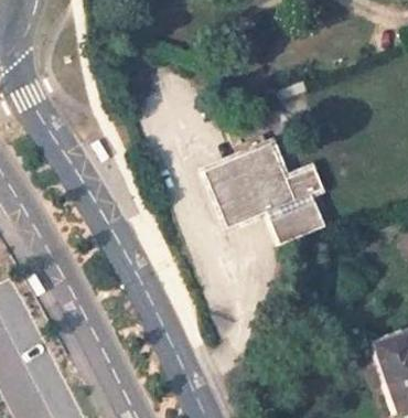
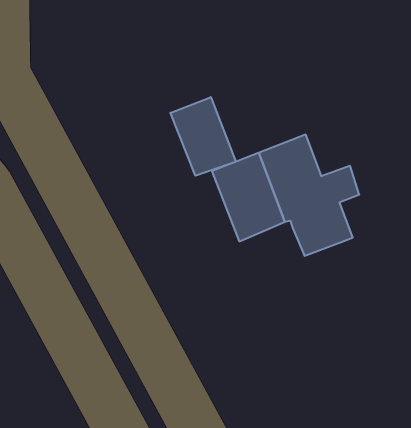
building: none -> [170,97,236,176]

